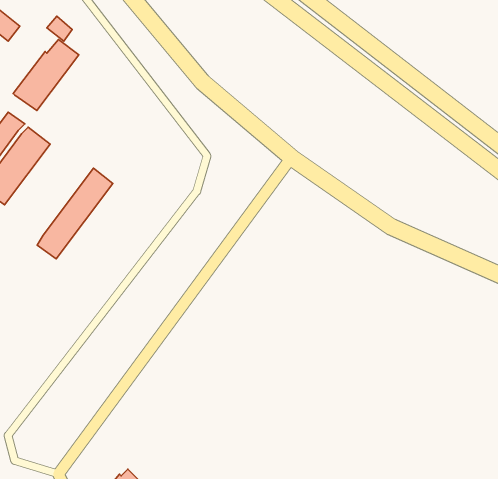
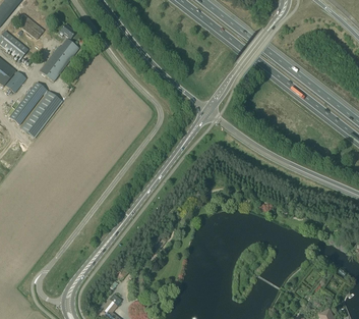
building: [37,168,113,259] -> none

